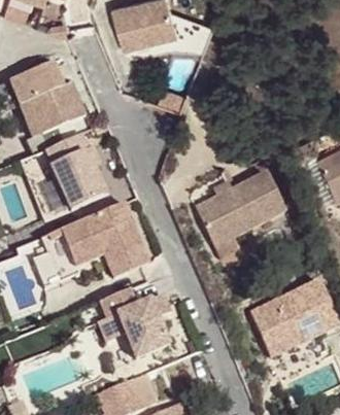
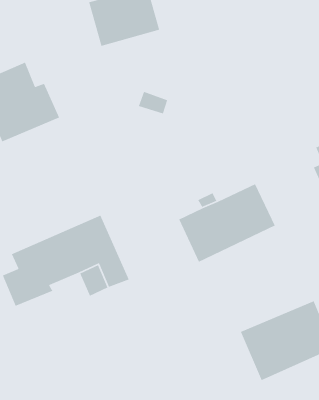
building: [45,132,110,210] -> none
building: [97,289,171,359] -> none

